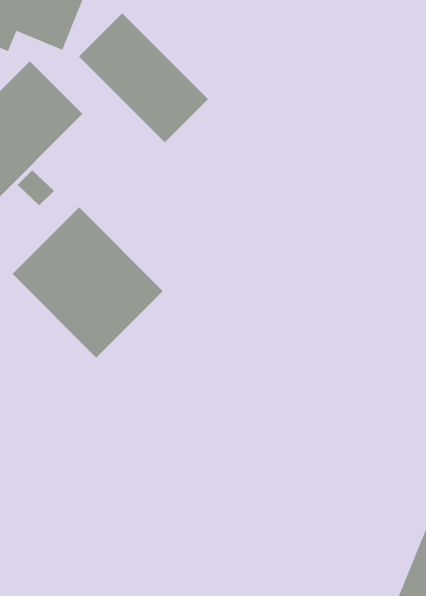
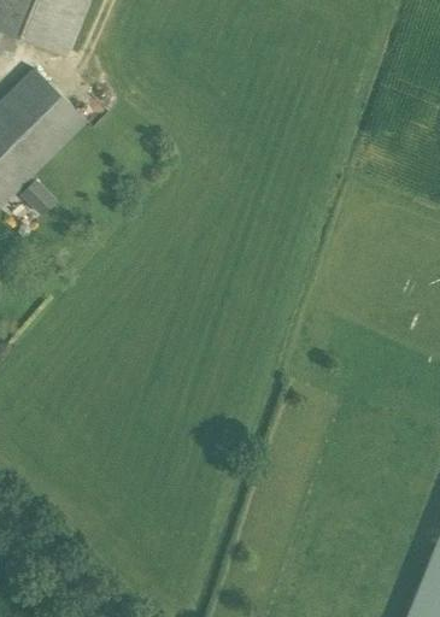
building: [78,13,209,143] -> none
building: [12,207,164,359] -> none

